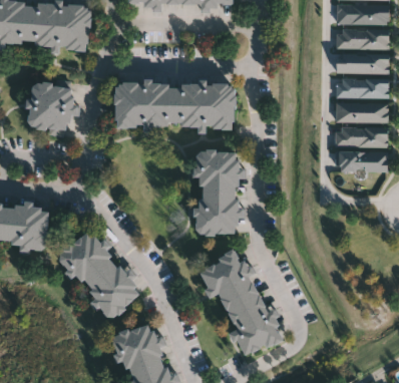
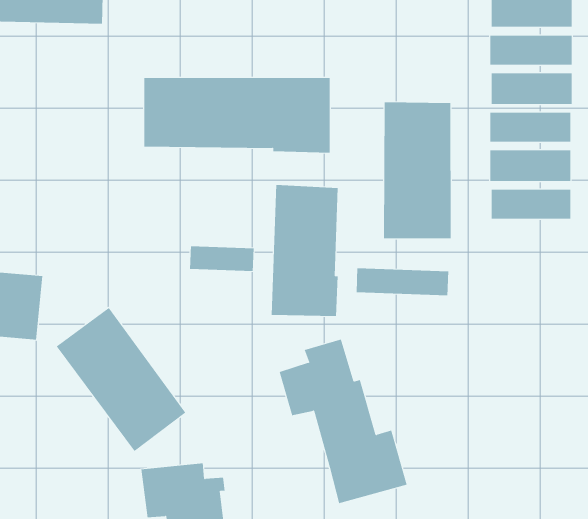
building: [30,84,71,136] -> none
building: none -> [383,101,451,239]
building: none -> [190,246,254,272]
building: none -> [356,268,449,296]

